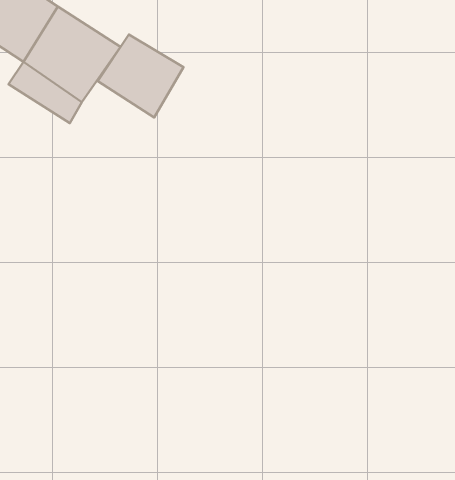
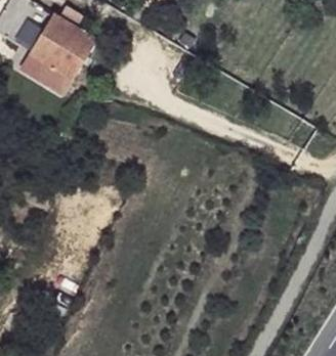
building: [98,35,183,117] -> none

